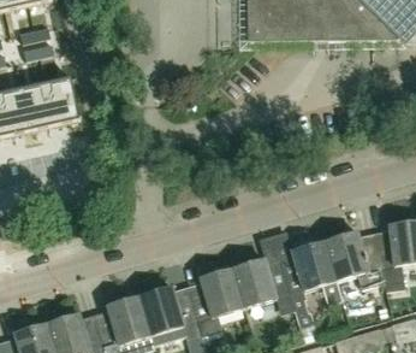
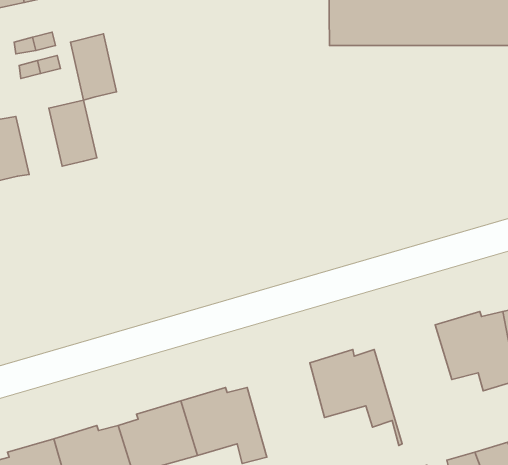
building: [20,82,54,130] -> [70,34,117,100]
building: [281,240,341,326] -> none
building: [189,267,245,336] -> none

